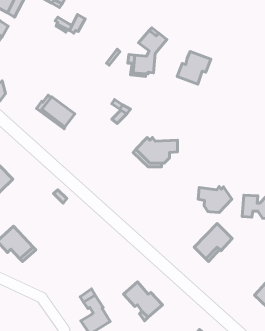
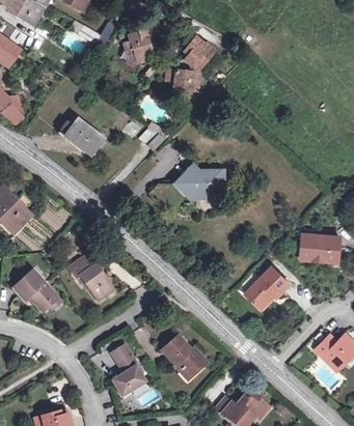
building: none -> [119,23,159,64]
building: [177,51,211,84] -> none
building: [198,186,232,212] -> none
building: none -> [70,254,113,299]

